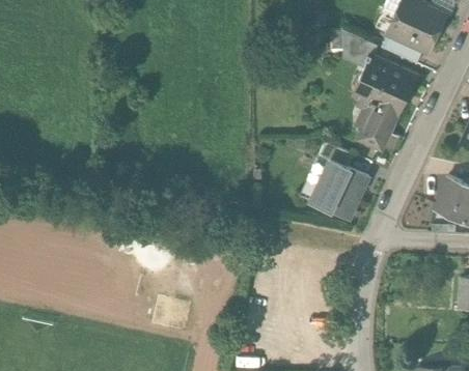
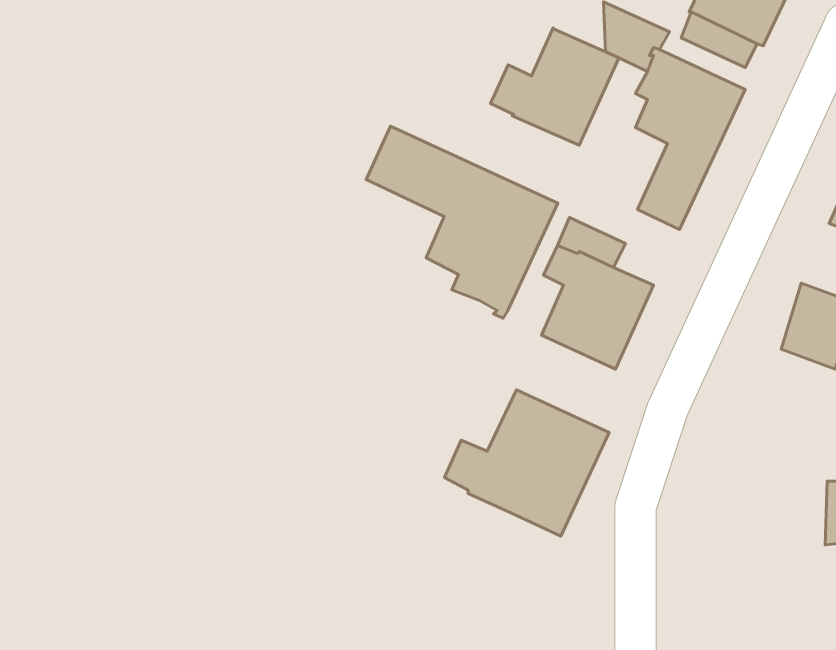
building: none -> [491,28,619,145]
building: none -> [366,126,558,318]
building: none -> [444,390,609,536]

